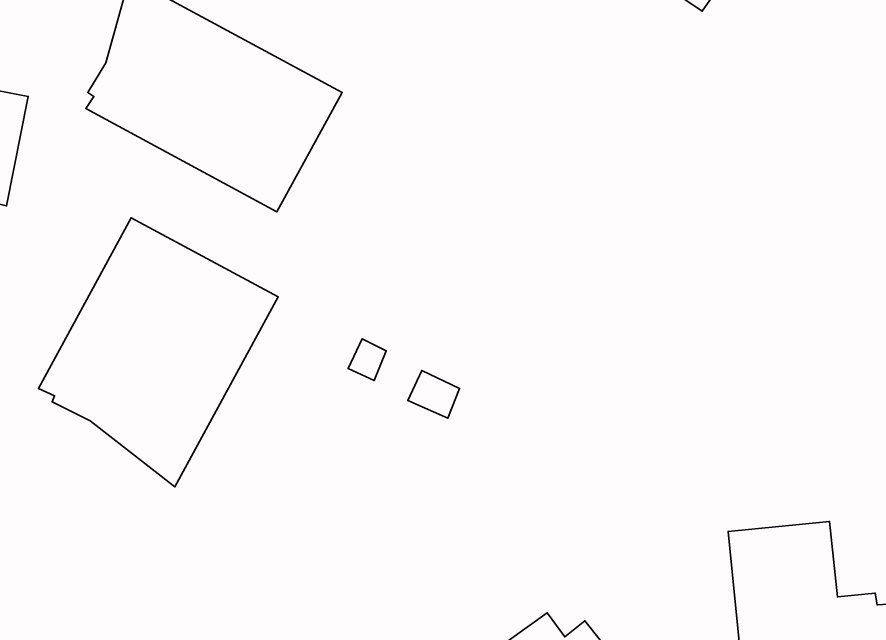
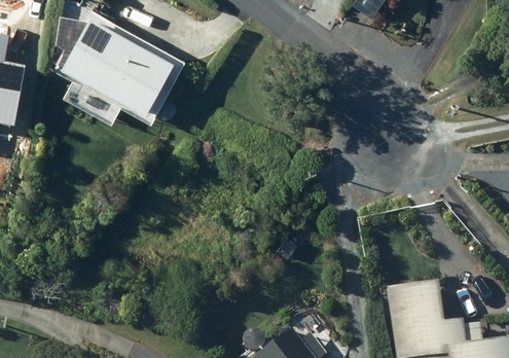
building: [39,218,278,487] -> none

